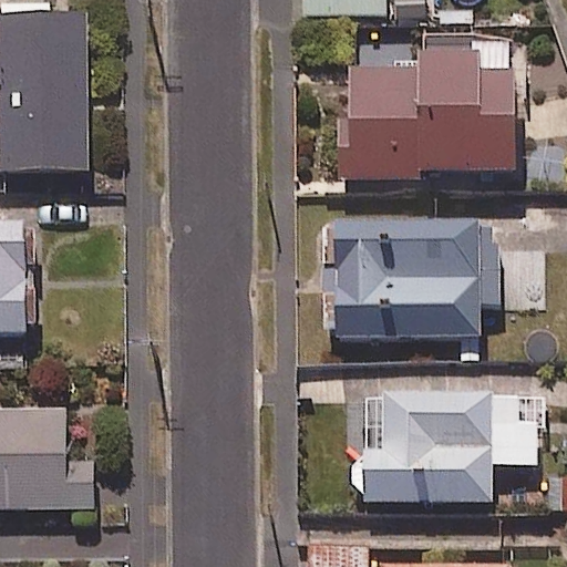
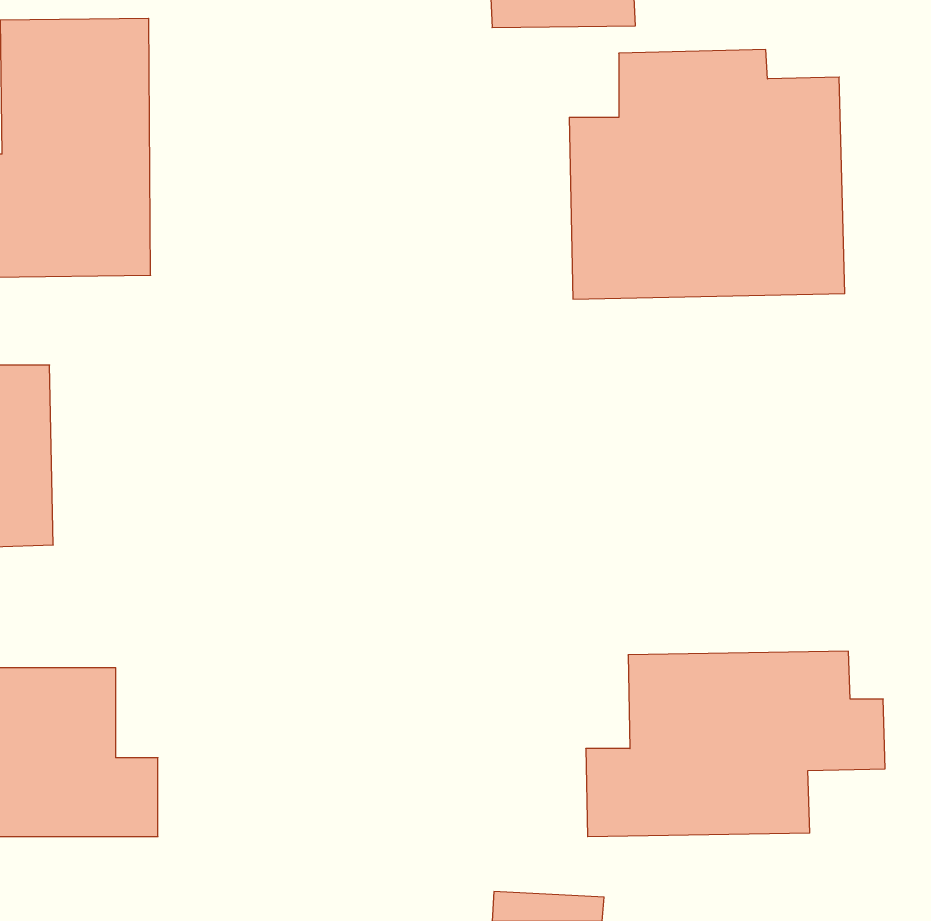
building: [322,223,497,357] -> none

